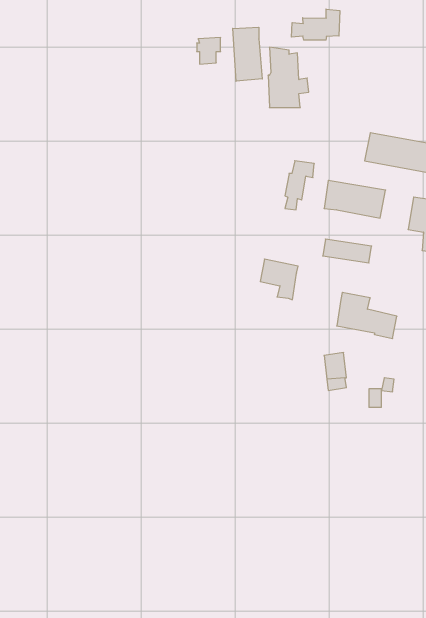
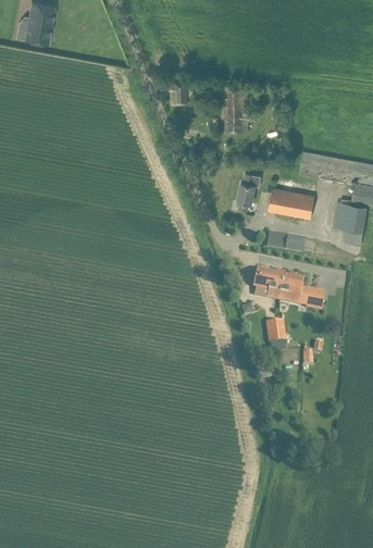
building: [292,9,340,40] -> none
building: [233,27,262,81] -> none
building: [260,259,298,300] -> [252,270,282,301]

